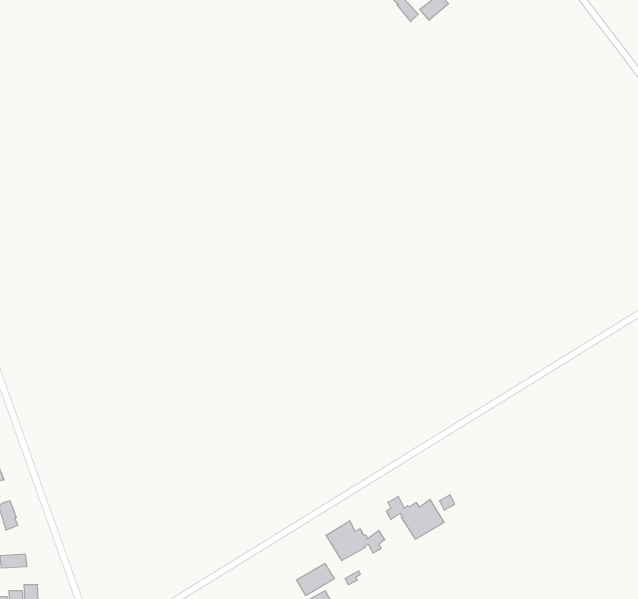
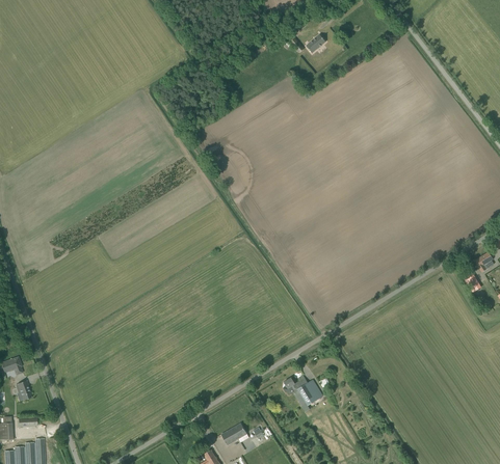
building: [326,521,385,561] -> none

